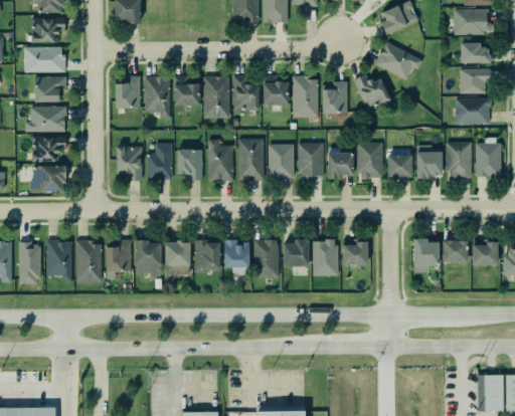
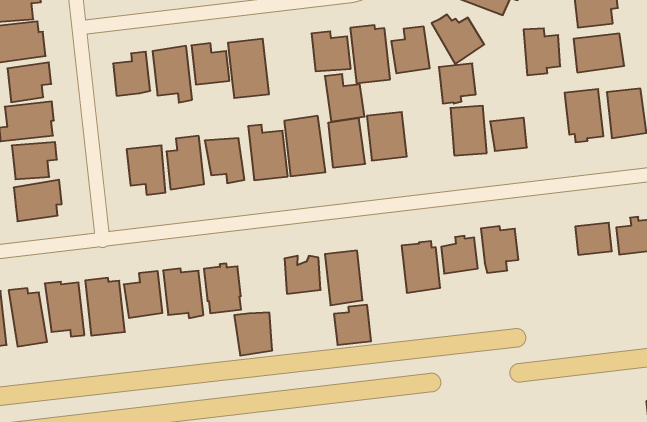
building: [234,76,261,111] -> [325,74,365,122]
building: [417,145,444,179] -> [524,28,560,75]
building: [328,151,353,179] -> [439,63,476,104]
building: [284,238,309,265] -> [334,305,371,345]
building: [413,238,439,271] -> [481,226,518,273]
building: [194,241,220,271] -> [234,313,272,355]

